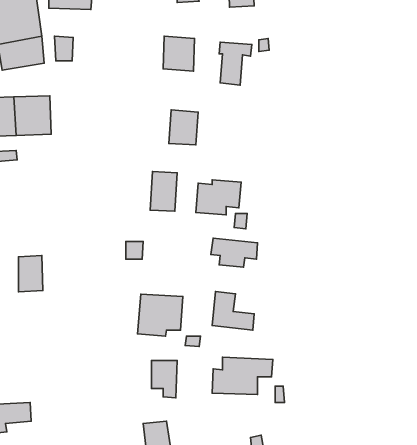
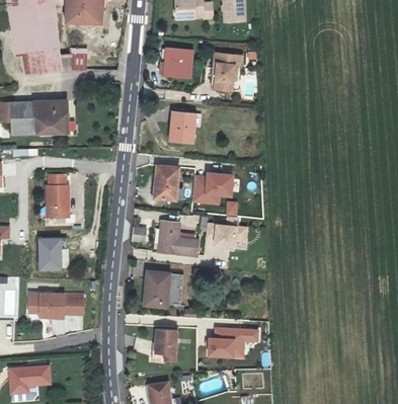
building: none -> [46,173,69,216]
building: [212,292,254,330] -> [159,221,195,254]
building: none -> [28,292,84,318]

